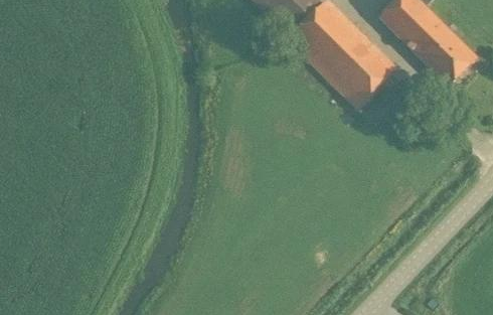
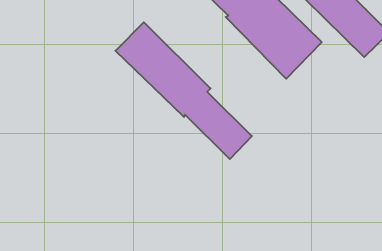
building: none -> [115,22,252,159]

